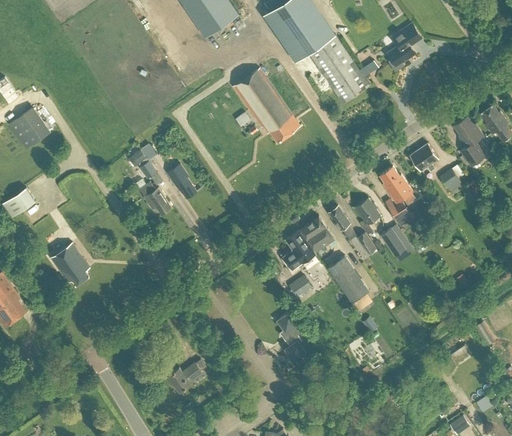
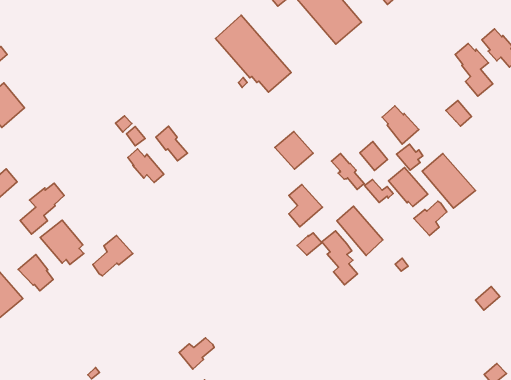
building: [410,144,438,172] -> none
building: none -> [20,183,64,234]
building: none -> [422,154,475,208]
building: [300,217,335,252] -> [275,131,313,169]
building: none -> [414,201,447,235]
building: none -> [93,235,133,276]
building: none -> [18,255,53,291]
building: [276,312,306,363] -> [322,231,357,285]

